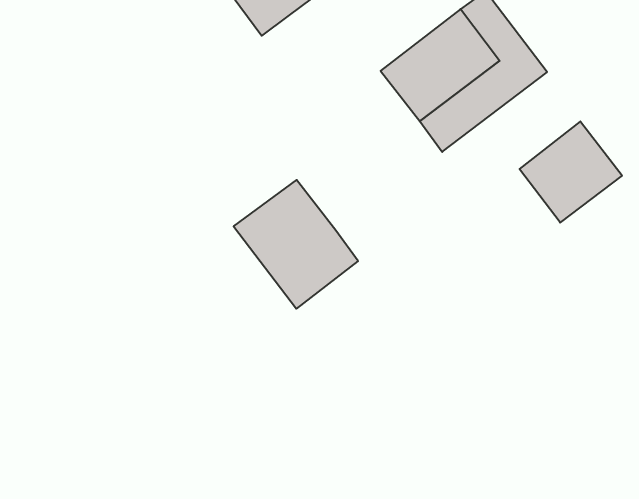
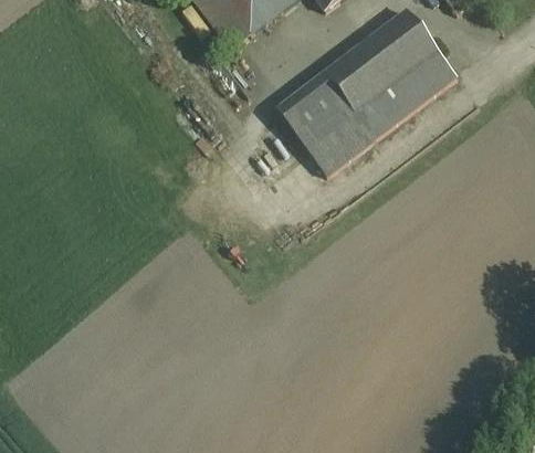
building: [520,121,622,223] -> none
building: [234,180,358,309] -> [276,73,375,175]

